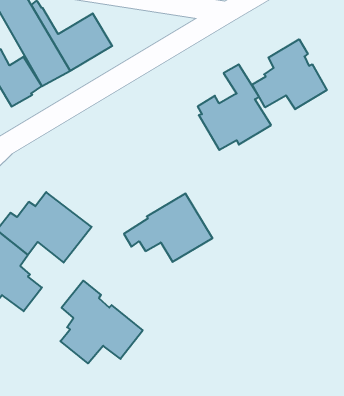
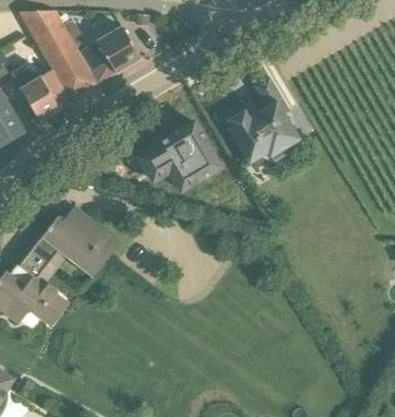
building: [252,39,327,109] -> none
building: [124,194,213,262] -> [131,121,220,190]
building: [60,281,143,363] -> none

